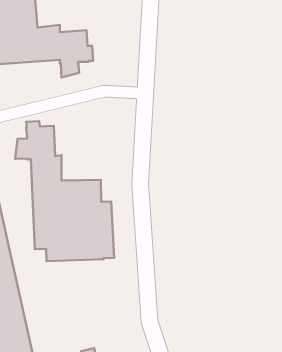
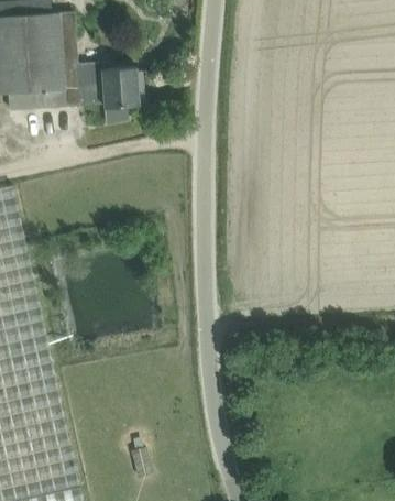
building: [15,121,114,261] -> none

